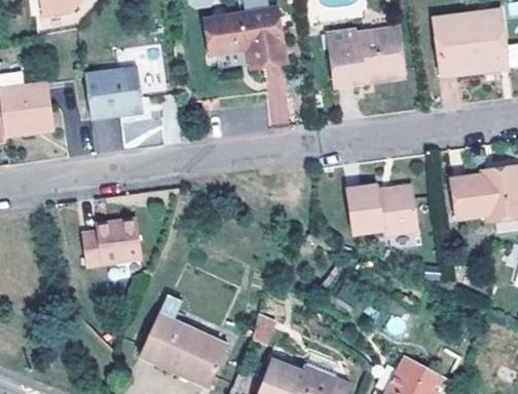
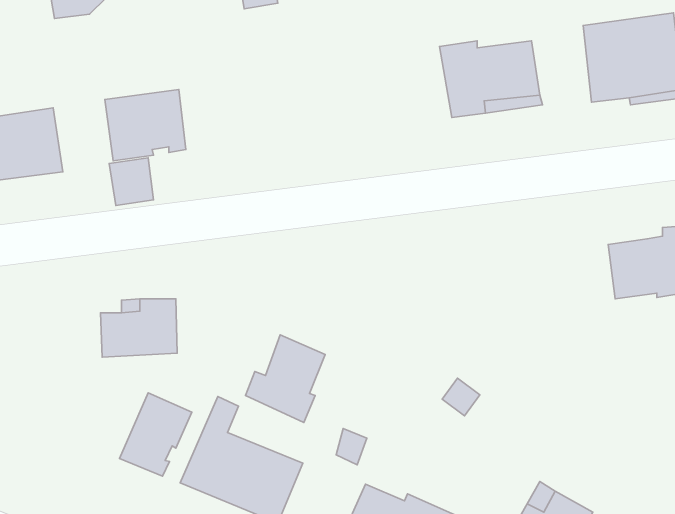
building: [203,6,286,67] -> none
building: [347,187,419,236] -> none
building: none -> [245,335,325,422]
building: none -> [119,393,192,476]

